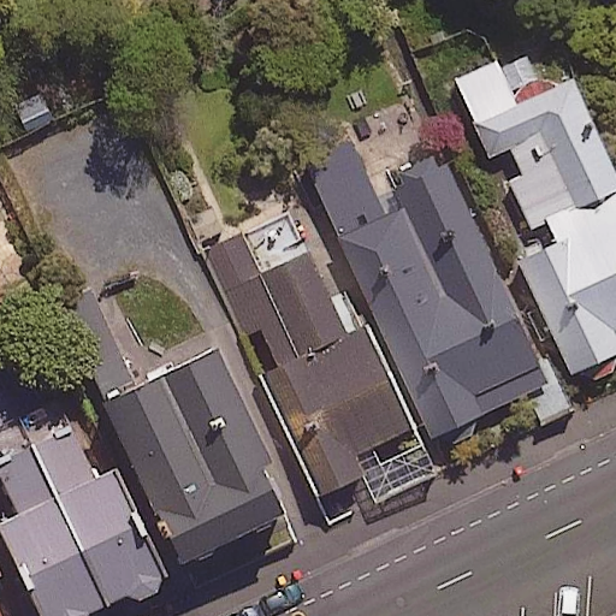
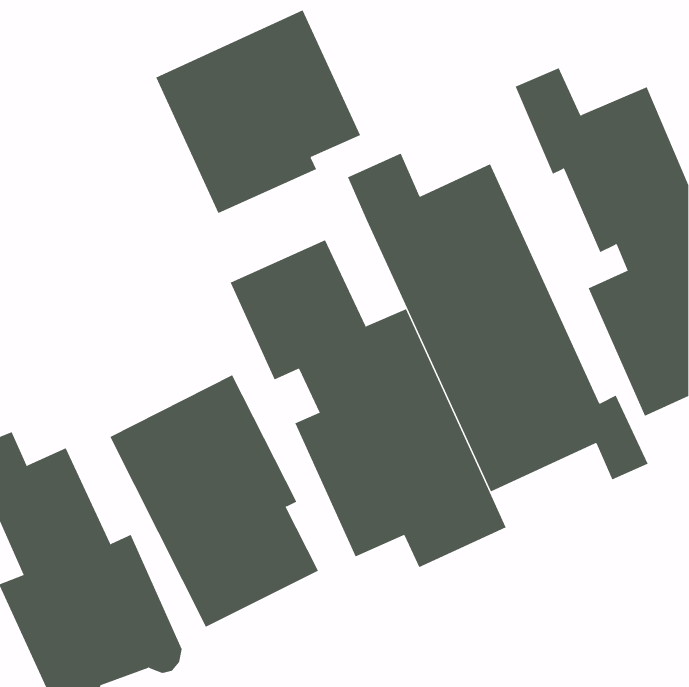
building: none -> [156,10,361,214]

